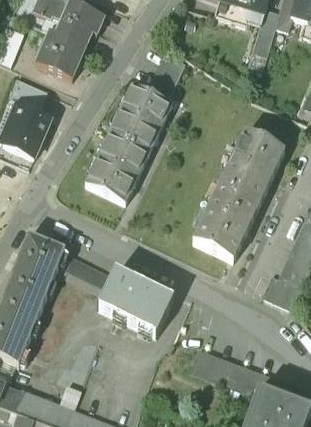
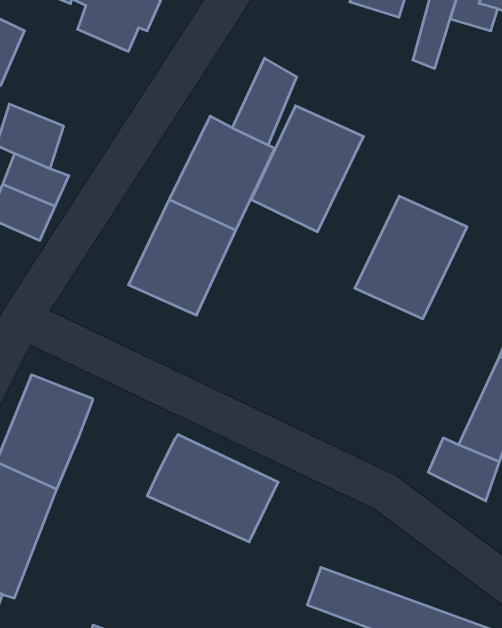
building: [34,30,85,78] -> none
building: [192,185,258,259] -> [251,106,364,232]
building: [56,250,112,294] -> none

